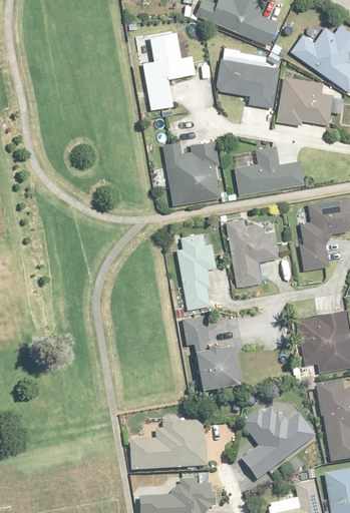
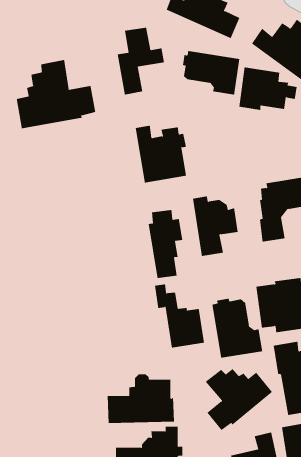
building: none -> [16,59,96,129]
building: [234,146,304,194] -> none
building: none -> [212,298,263,359]

